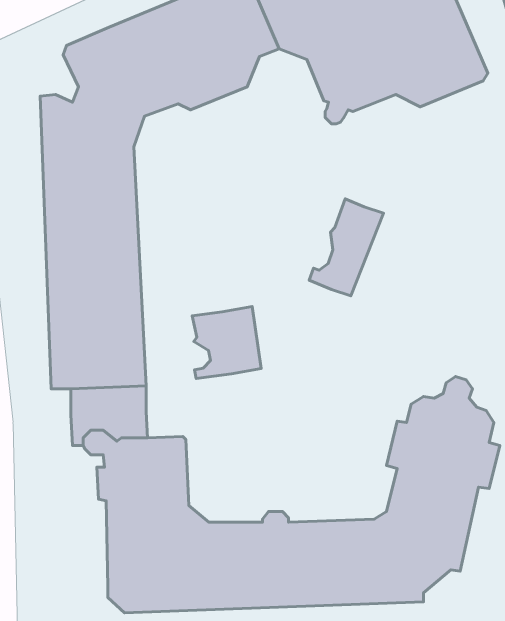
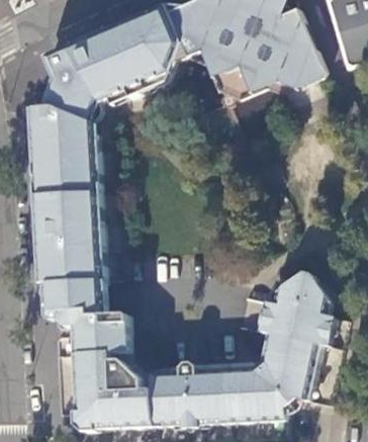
building: [309,199,384,296] -> none
building: [192,307,261,379] -> none

